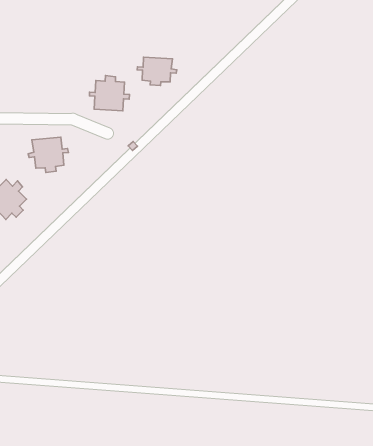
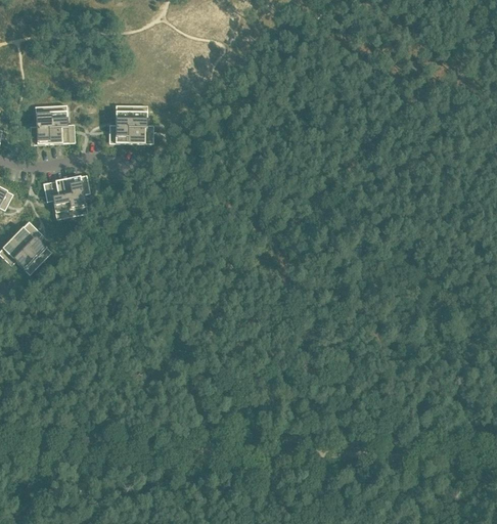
building: [137,57,177,86] -> none
building: none -> [31,105,75,143]

